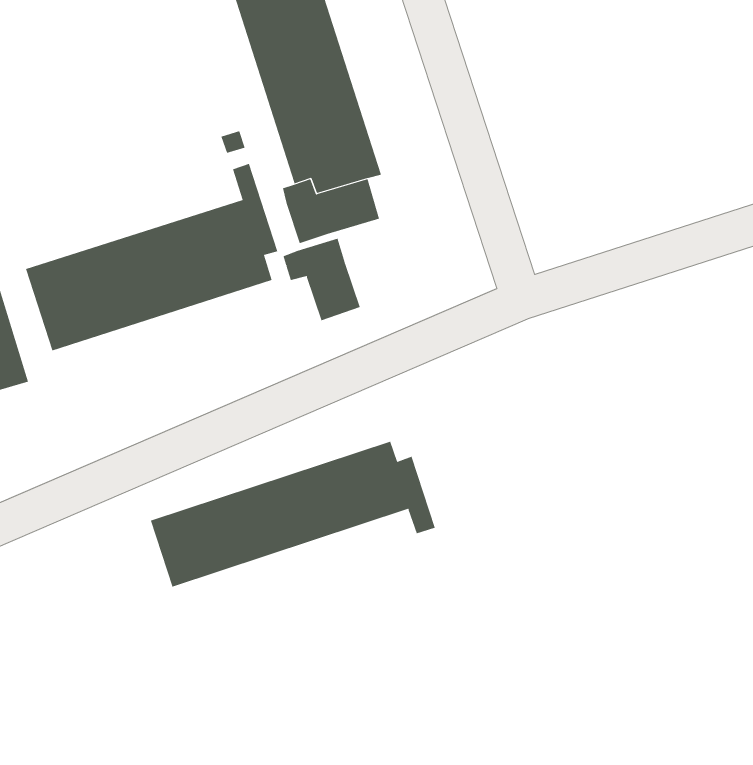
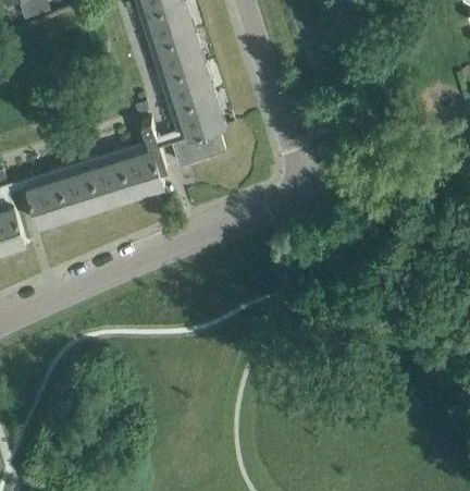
building: [283,238,361,321] -> none
building: [150,441,435,588] -> none

